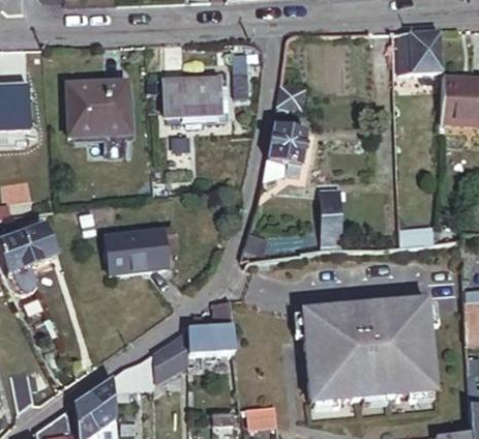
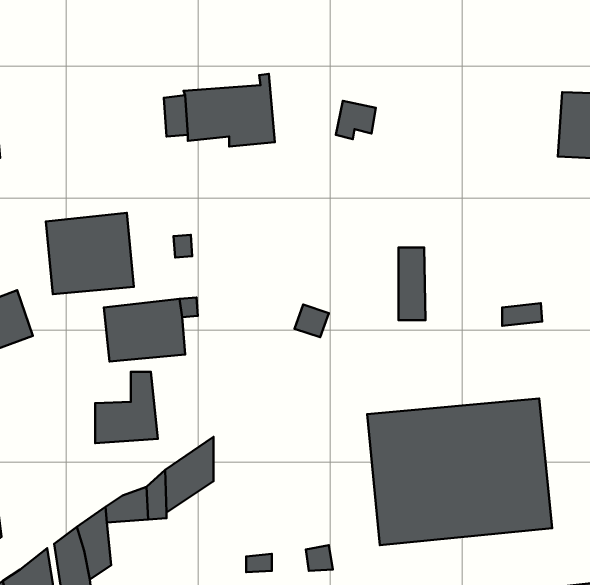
building: [397,32,440,71] -> none
building: [68,80,132,139] -> [46,213,134,294]
building: [265,124,308,178] -> none
building: [188,303,234,355] -> [95,372,158,443]

